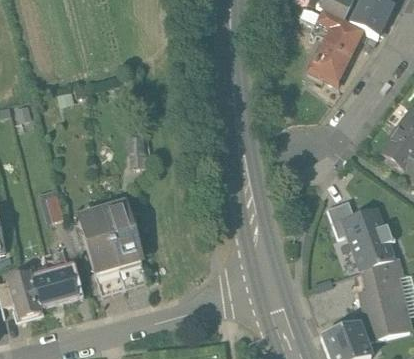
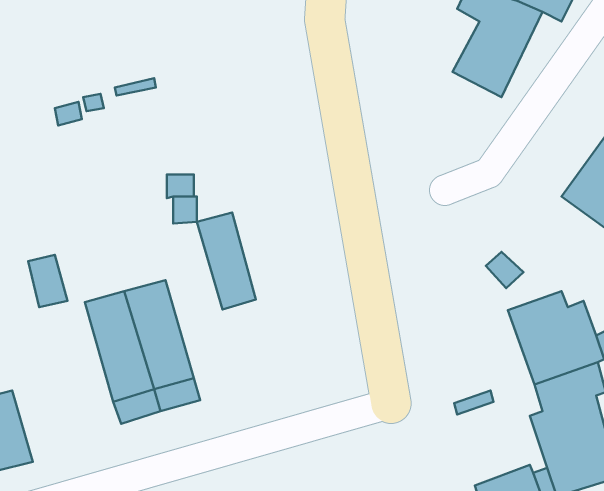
building: none -> [197,212,256,310]
building: [28,243,78,308] -> none

